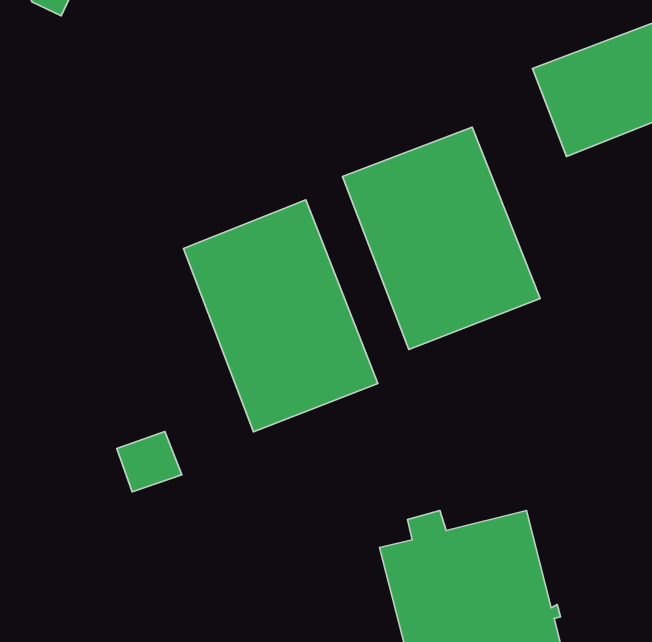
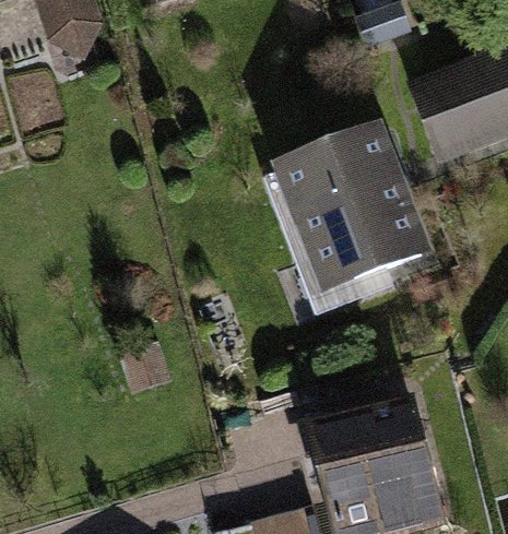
building: [183,200,378,432] -> none

